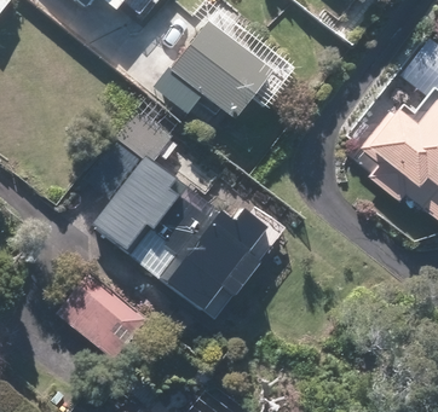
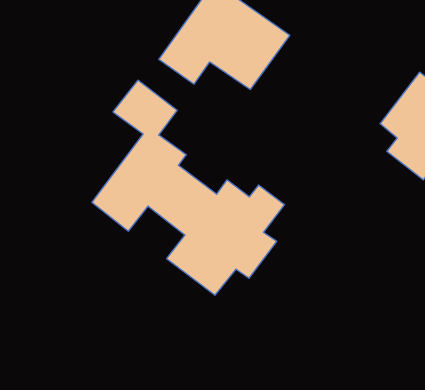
building: [53,273,146,361] -> none

